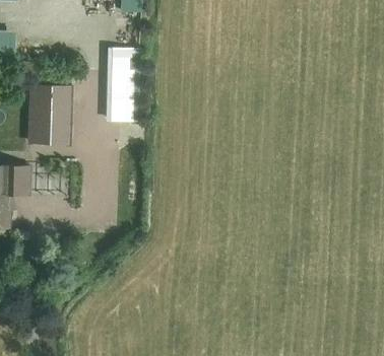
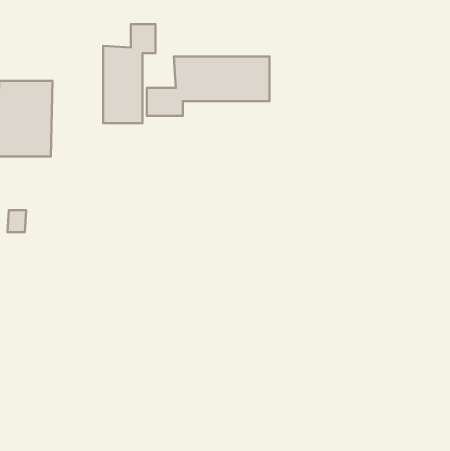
building: none -> [147,57,269,116]

